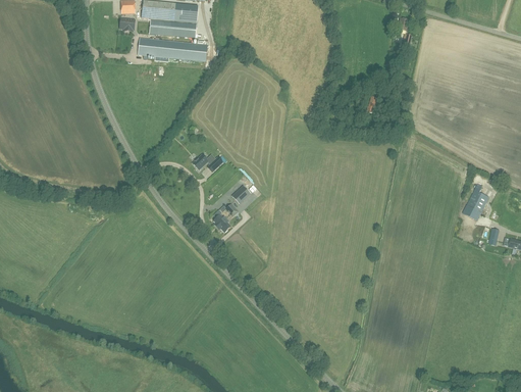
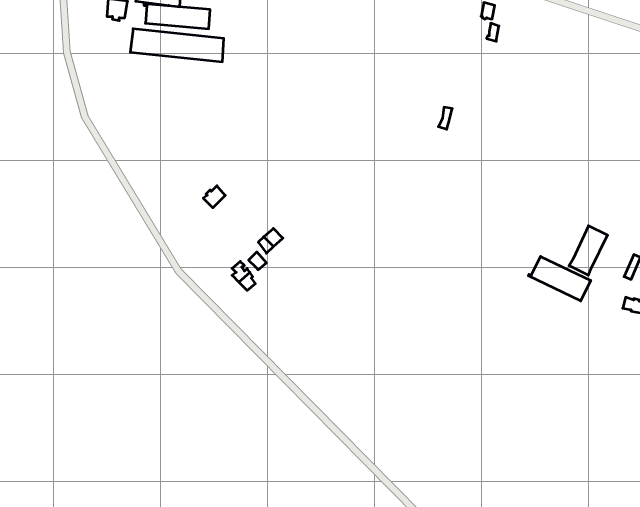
building: none -> [528,256,591,301]

